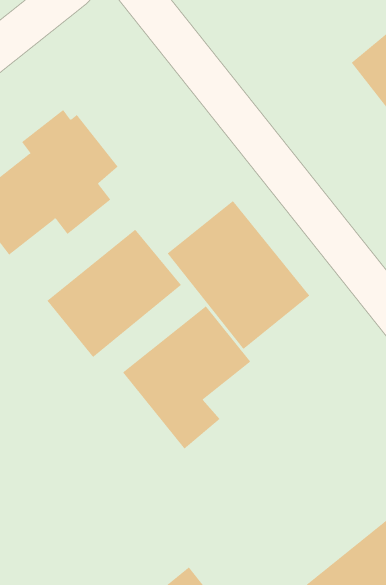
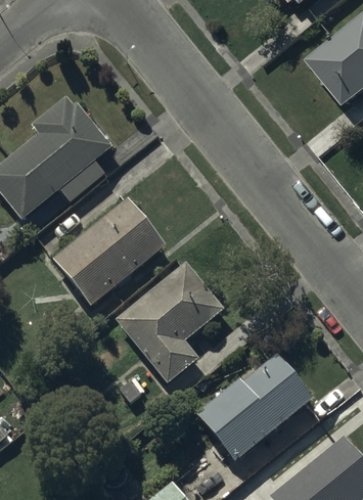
building: [167,200,310,350] -> none
building: none -> [196,353,312,460]

